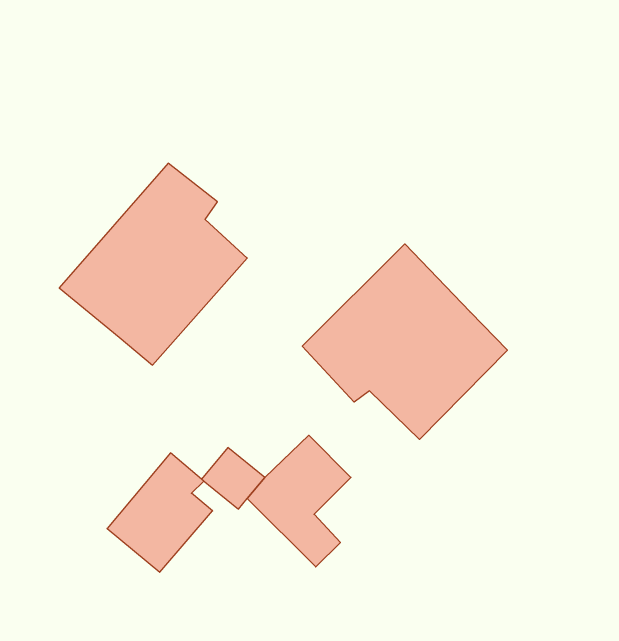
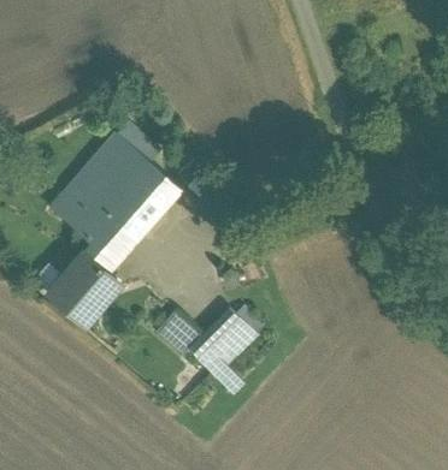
building: [302,244,507,439] -> none
building: [107,453,213,572] -> [54,240,126,322]

